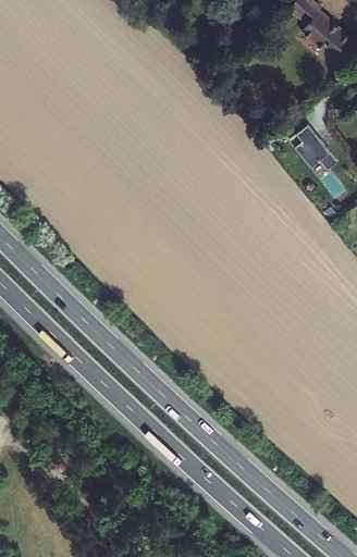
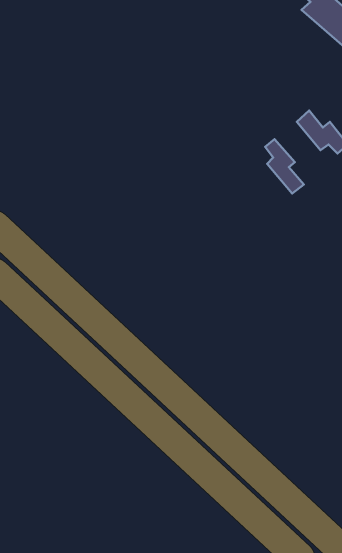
building: none -> [265,139,304,193]

